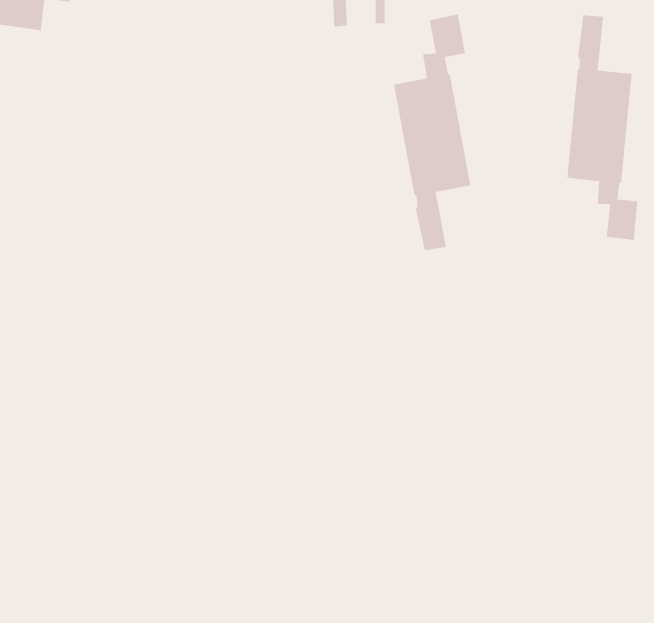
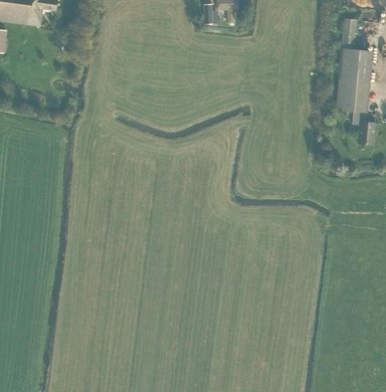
building: [394,14,471,251] -> none

